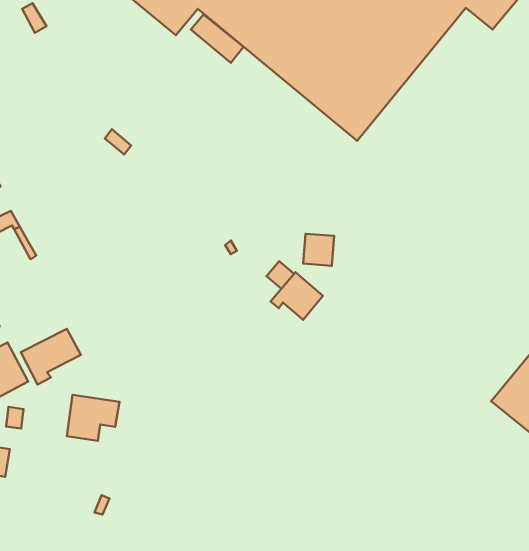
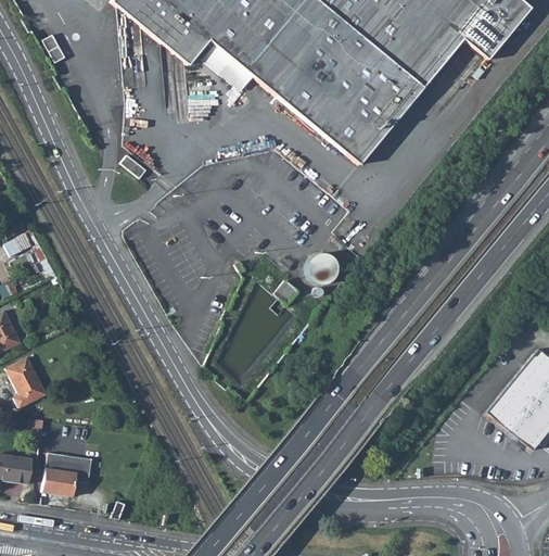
building: [271,272,323,320] -> none
building: [21,329,81,385] -> none
building: [67,395,120,441] -> [43,452,93,495]

